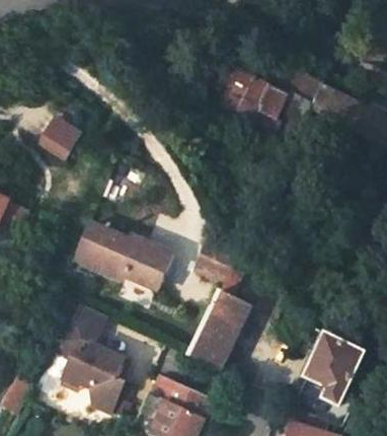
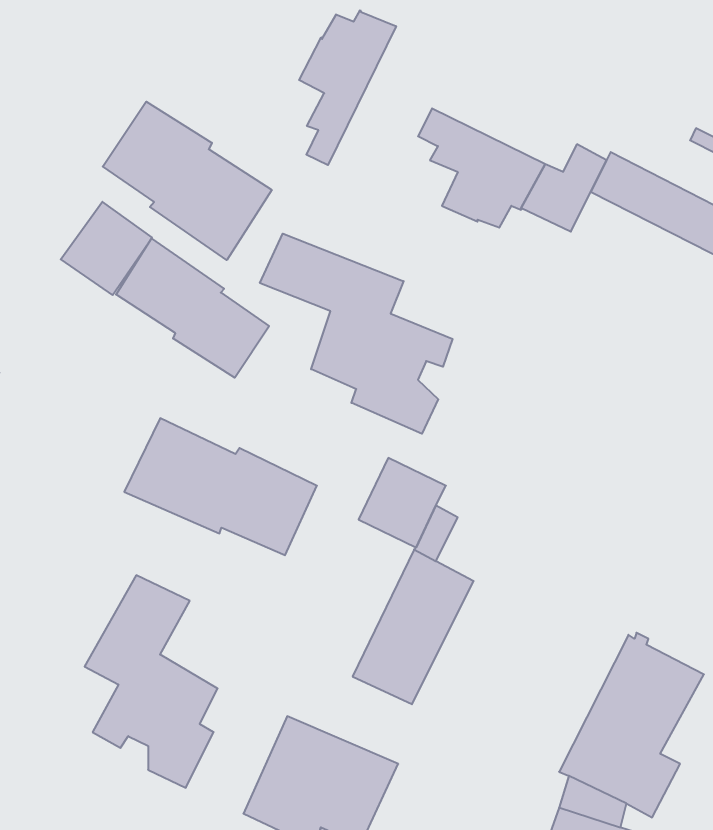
building: none -> [299,10,396,165]
building: none -> [103,102,272,260]
building: none -> [260,234,453,434]
building: none -> [116,238,269,378]

